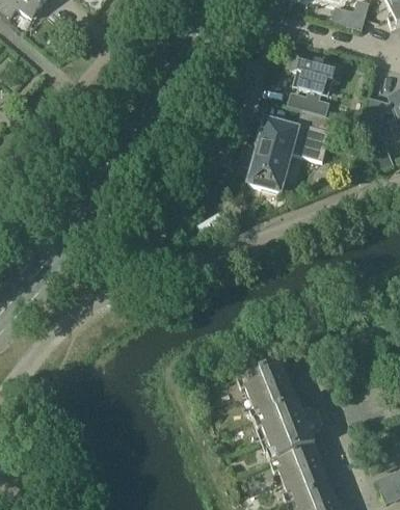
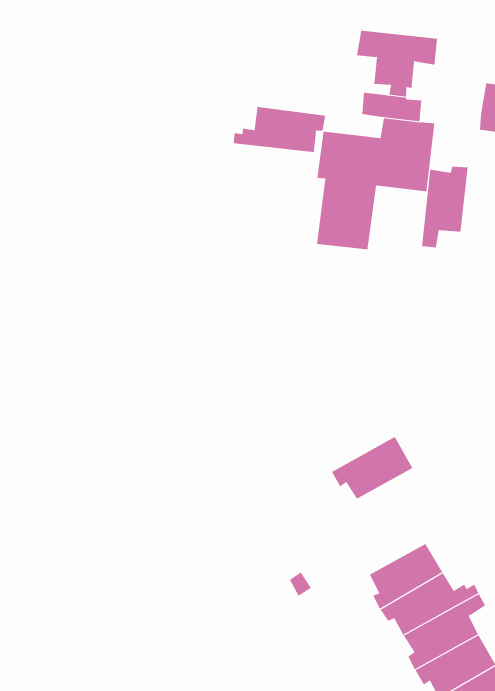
building: none -> [233,106,326,153]
building: none -> [421,166,468,248]
building: [238,360,290,397] -> [331,436,413,499]

